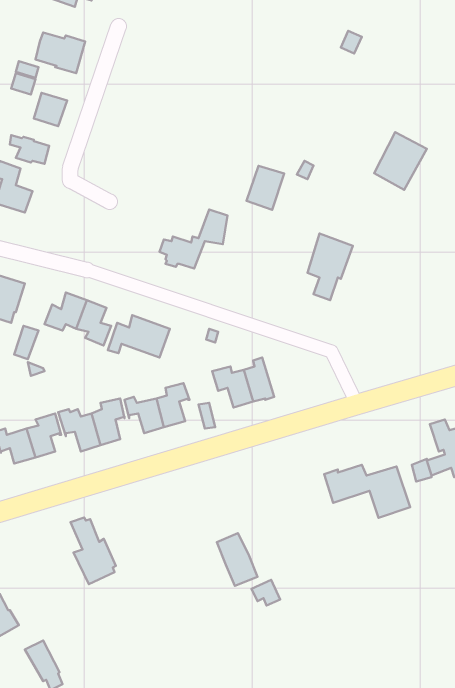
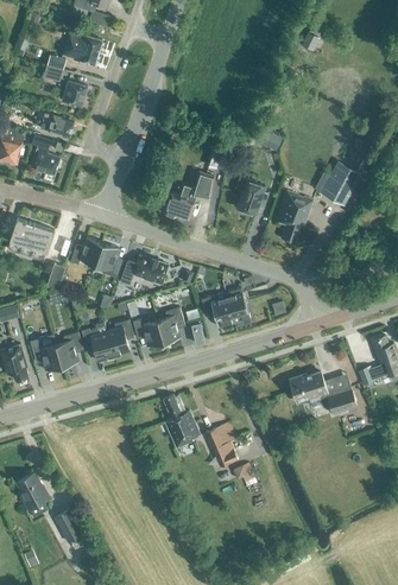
building: [374,132,427,190] -> [321,160,362,205]
building: [246,166,284,210] -> [236,180,266,215]
building: [71,518,116,584] -> [163,395,198,447]

